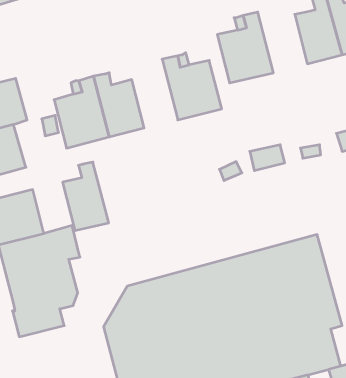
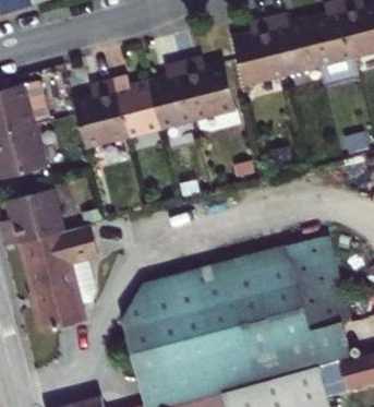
building: none -> [270,13,318,76]
building: [63,162,109,231] -> [148,63,193,130]

